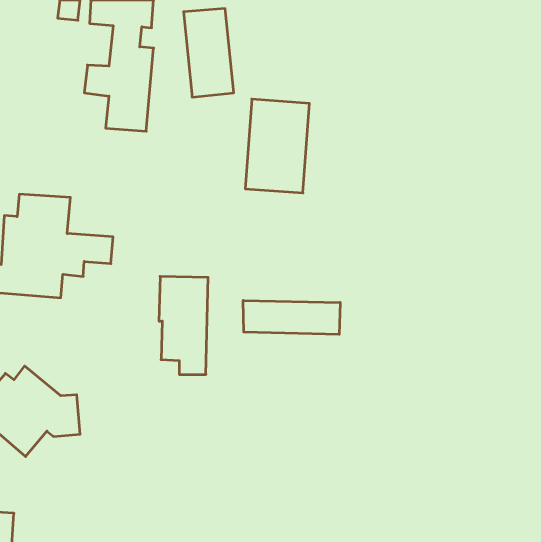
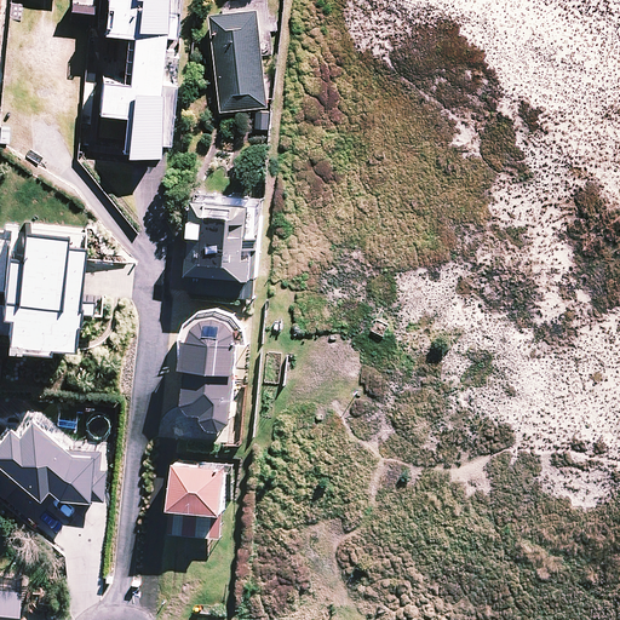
building: [245,99,309,193] -> [185,195,258,302]
building: [243,300,340,334] -> none
building: none -> [167,463,226,547]

